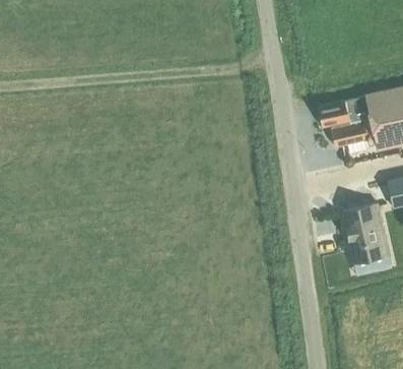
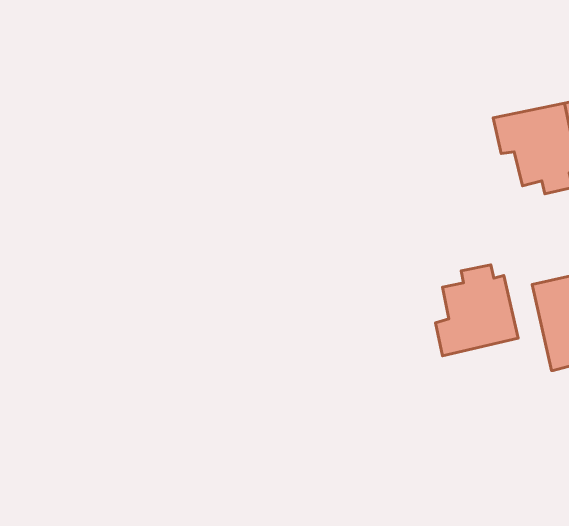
building: none -> [436,265,518,356]

